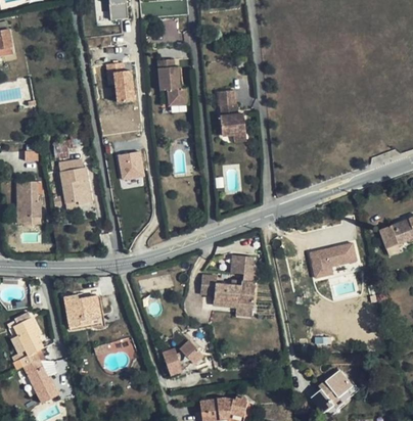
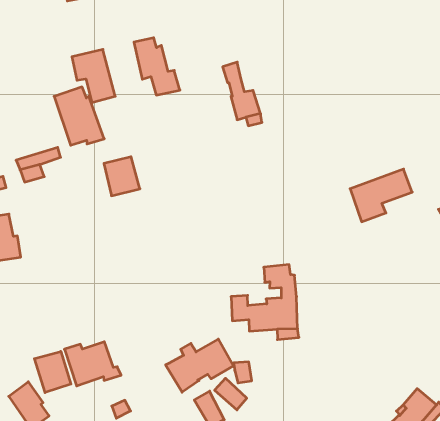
building: [57,158,92,204] -> [54,87,104,145]
building: [308,242,357,279] -> [350,169,412,222]
building: none -> [34,351,71,393]
building: none -> [166,339,233,392]

